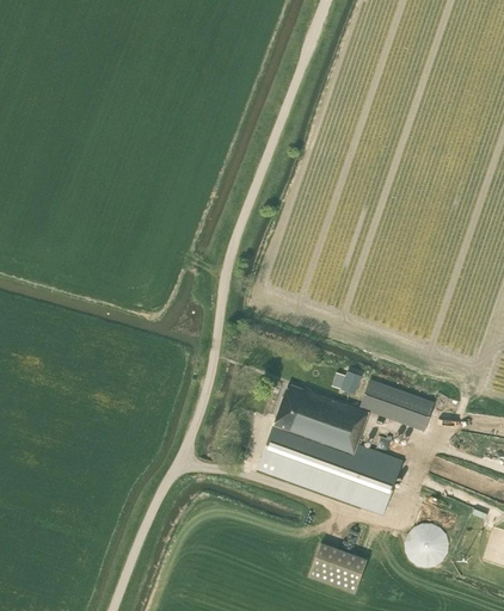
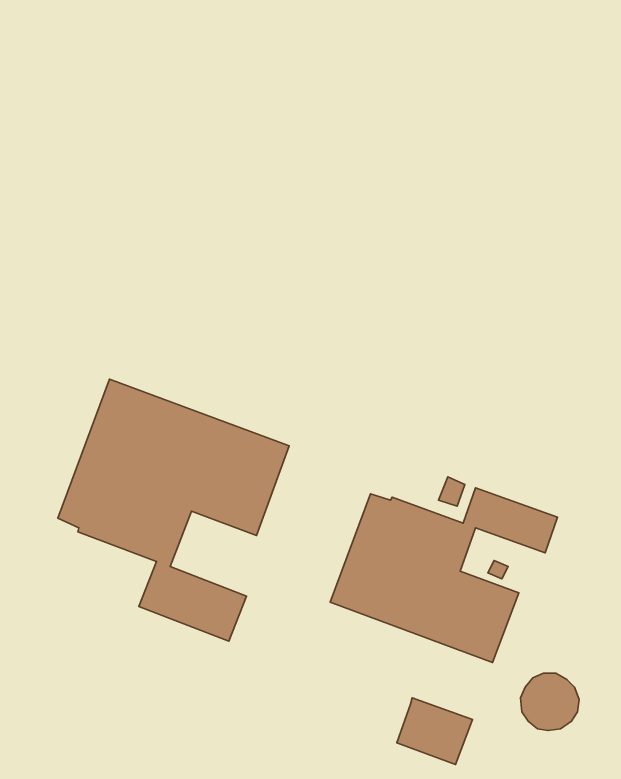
building: none -> [58,379,289,641]

